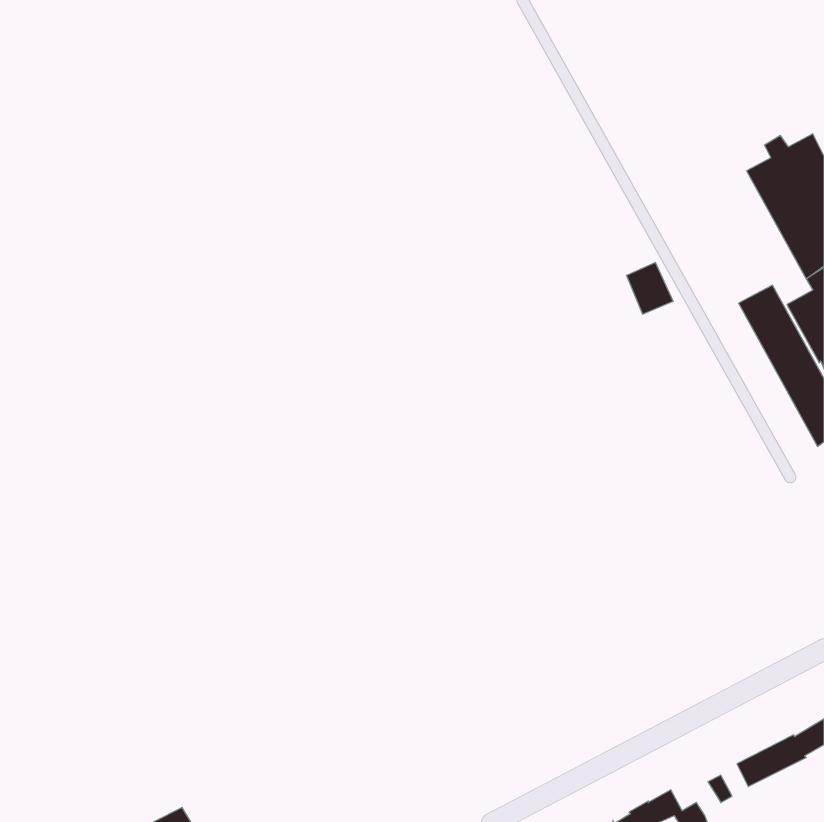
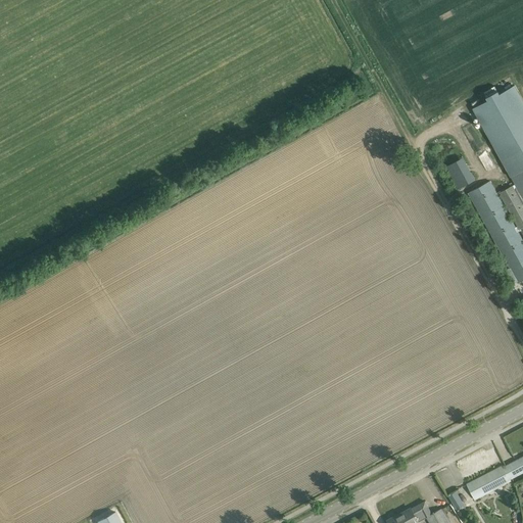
building: [626,263,673,314] -> [448,157,478,190]

